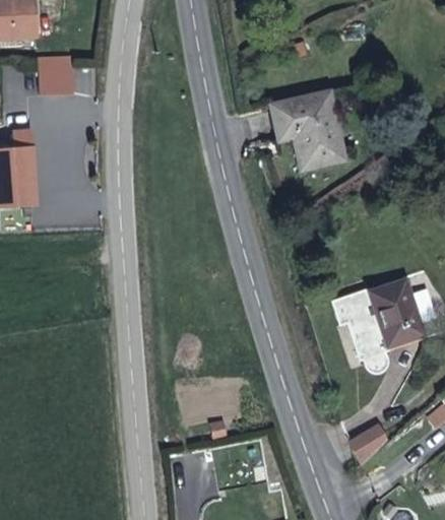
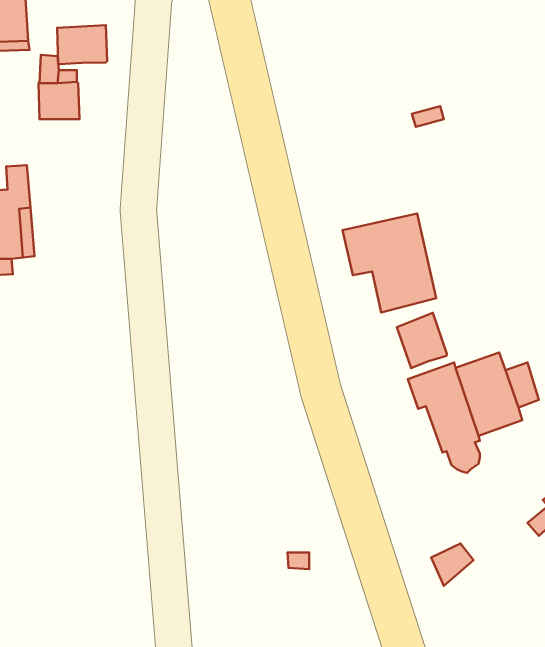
building: none -> [57,25,107,64]
building: [270,90,344,169] -> [343,214,436,312]
building: none -> [397,313,447,368]

